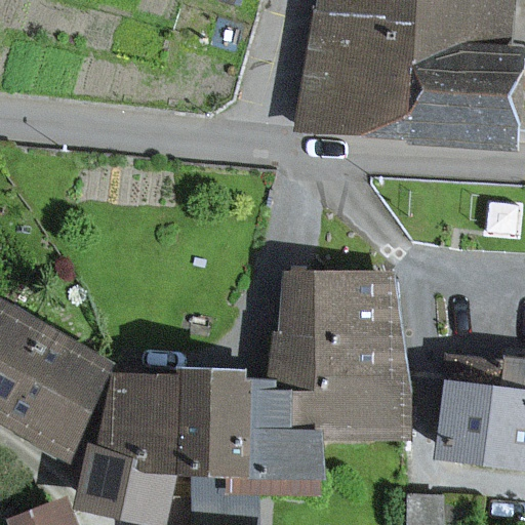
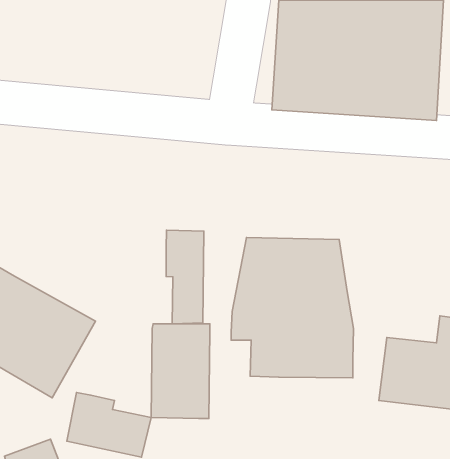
building: none -> [166,230,204,324]
building: [109,374,178,477] -> none
building: [232,378,323,494] -> none

